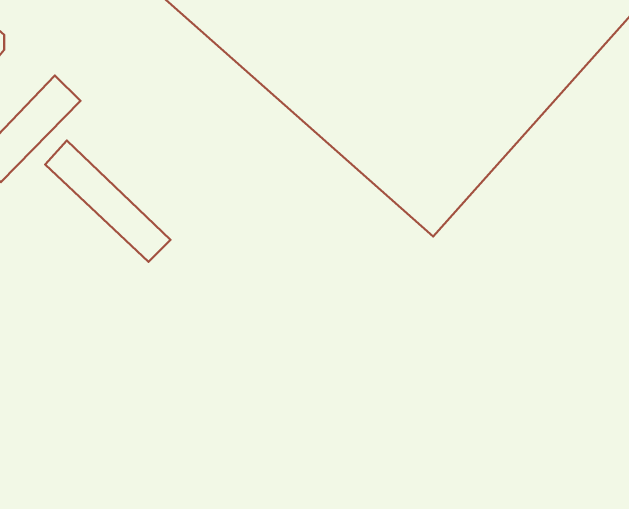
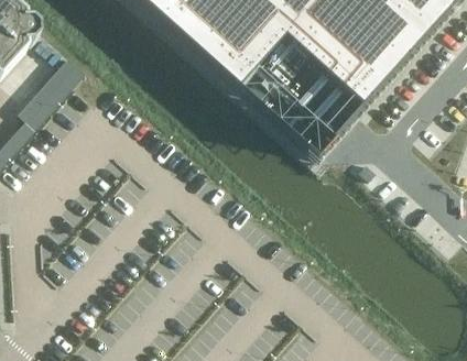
building: [45,140,170,262] -> none

